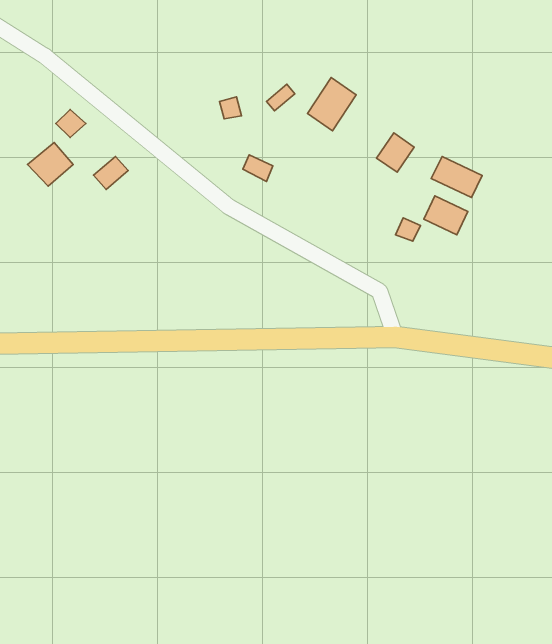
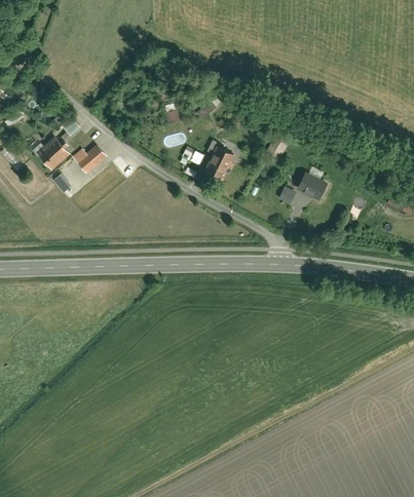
building: [307,78,356,131] -> [203,146,235,181]
building: [431,156,482,197] -> none

